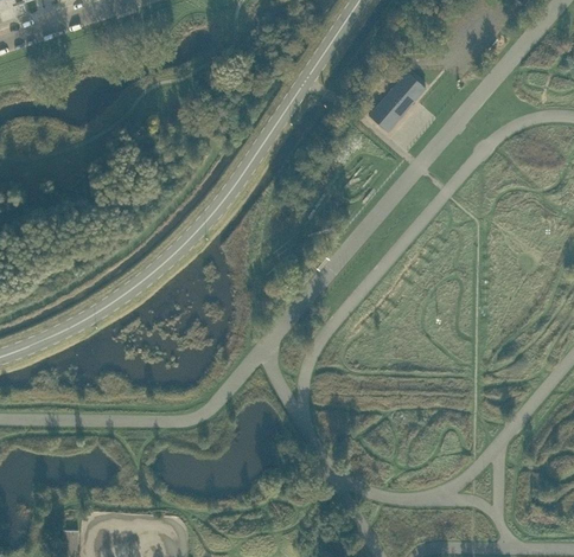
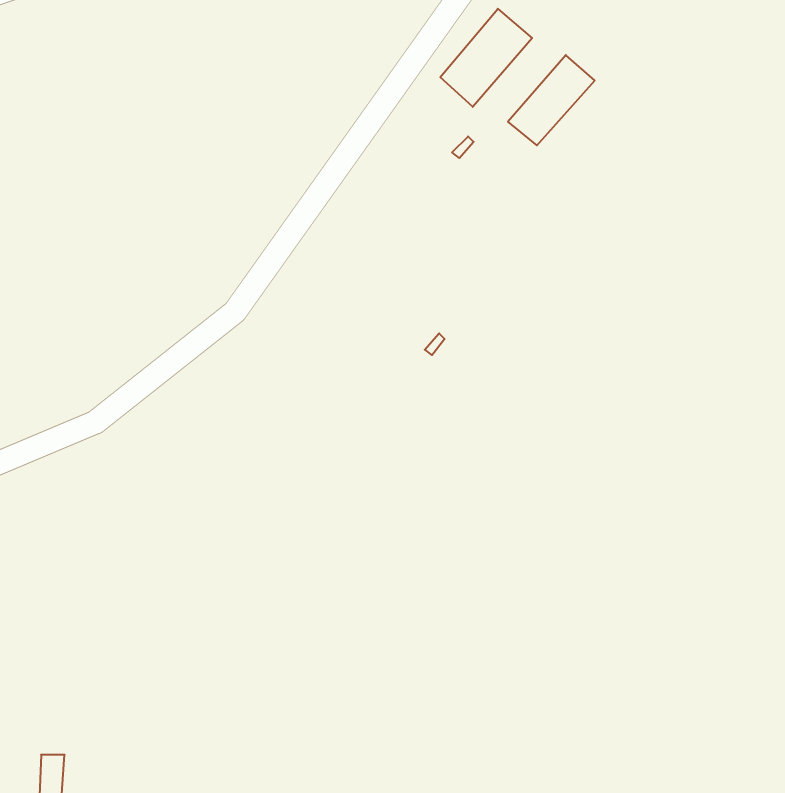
building: none -> [440,9,532,107]

